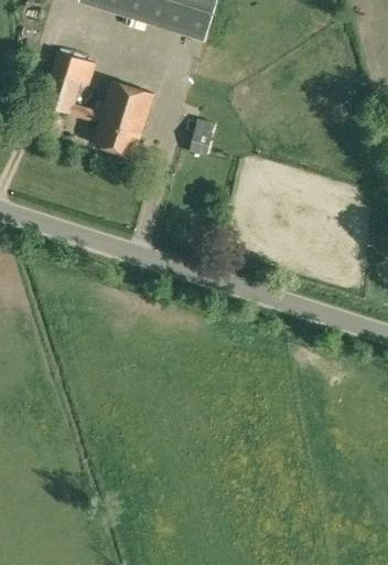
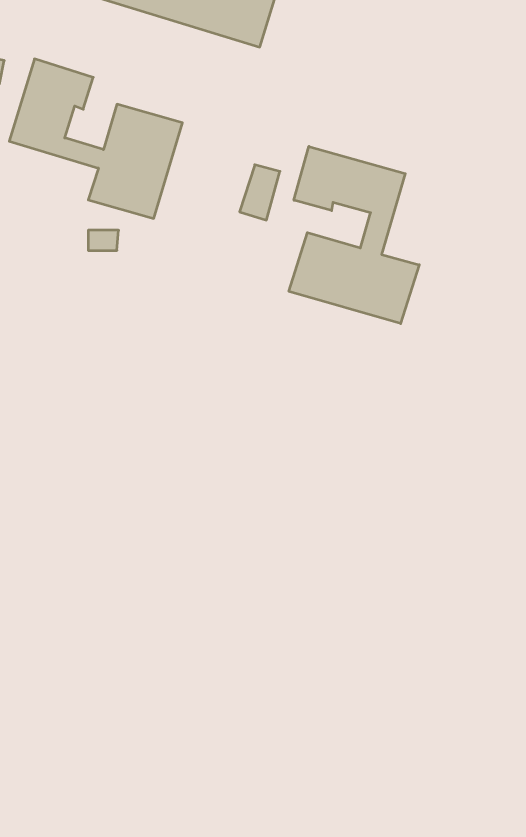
building: none -> [289,146,419,324]

